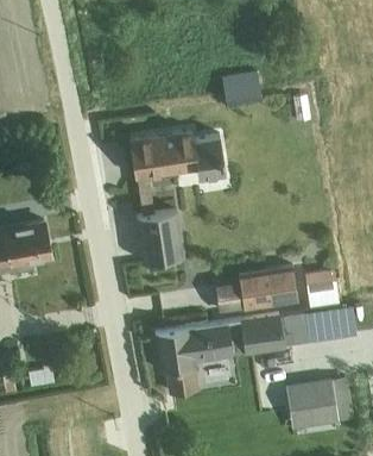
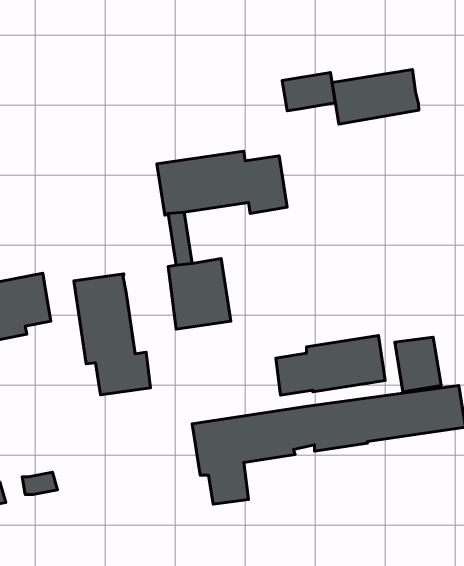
building: none -> [332,69,419,124]
building: none -> [74,274,150,395]
building: [286,379,339,429] -> none

